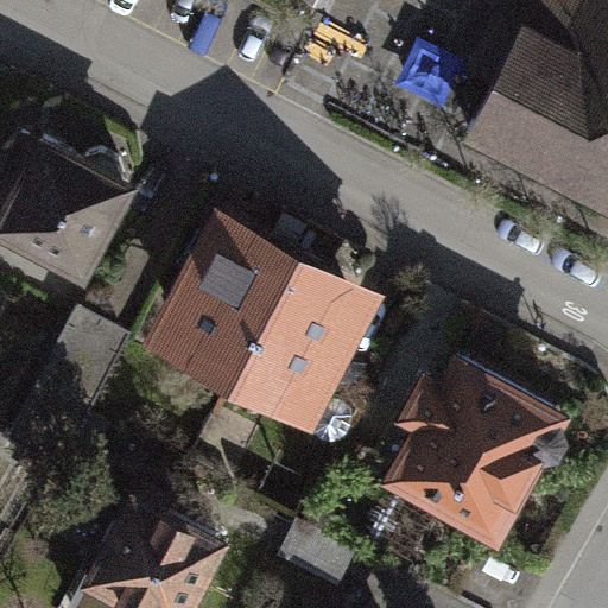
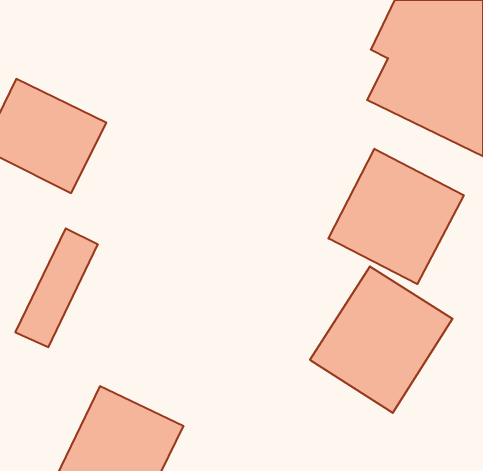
building: [157,195,386,412] -> none
building: none -> [328,149,464,284]

